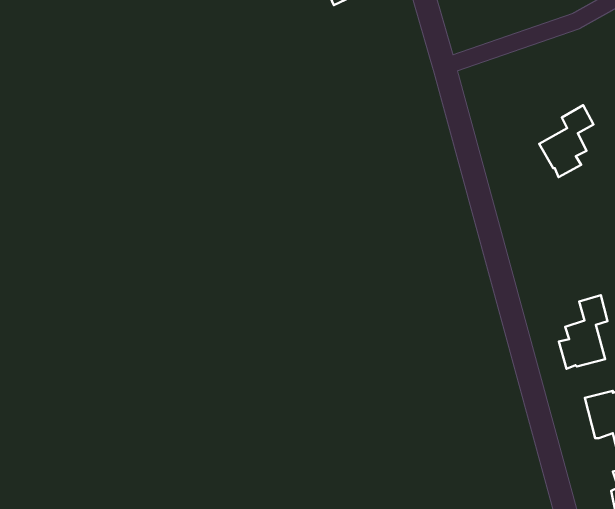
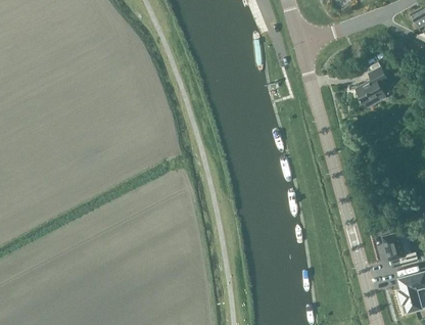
building: [559,295,608,369] -> none

